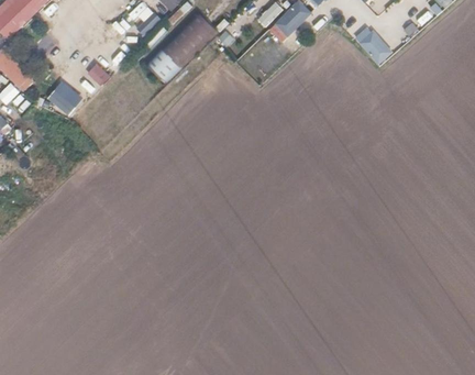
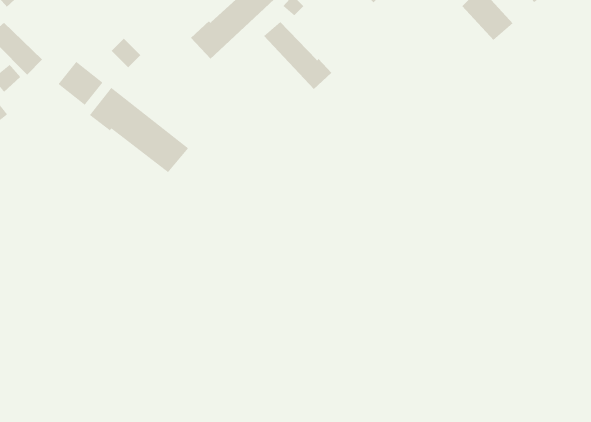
building: none -> [263,21,332,90]
building: none -> [89,87,189,173]

